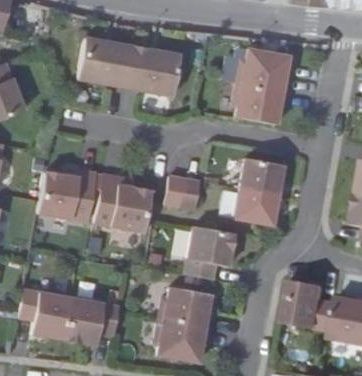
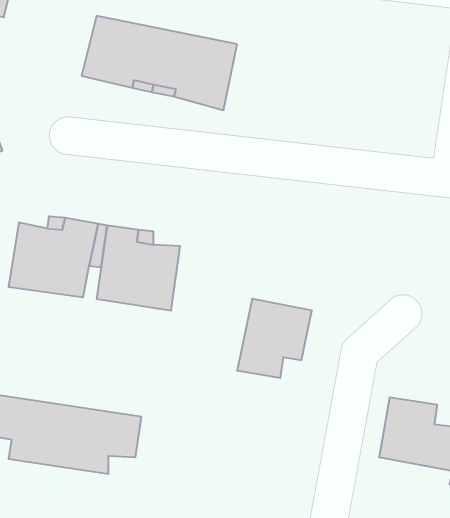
building: [232,40,290,115] -> none
building: [229,154,279,221] -> none
building: [163,174,198,207] -> none
building: [157,285,213,360] -> none

